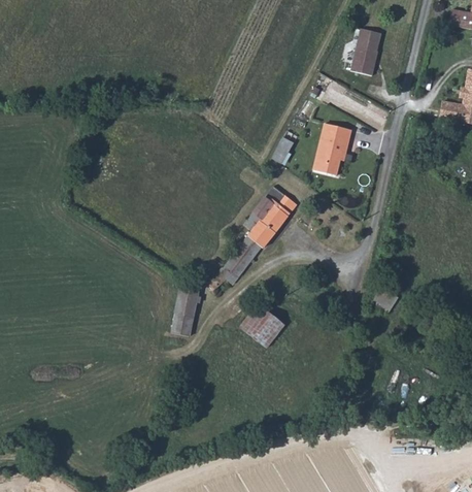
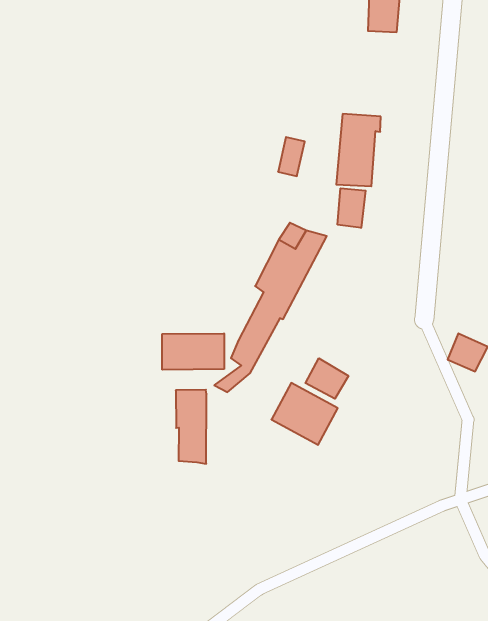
building: none -> [338,188,366,228]
building: none -> [162,333,224,370]
building: none -> [305,358,348,399]

